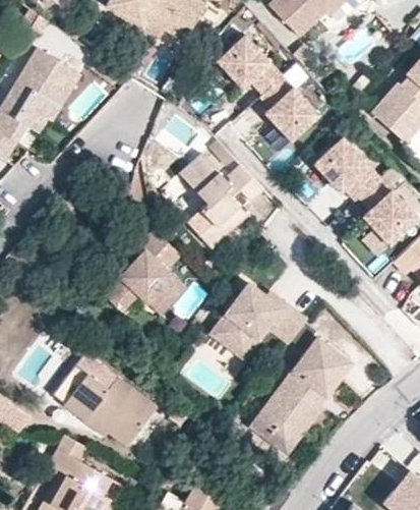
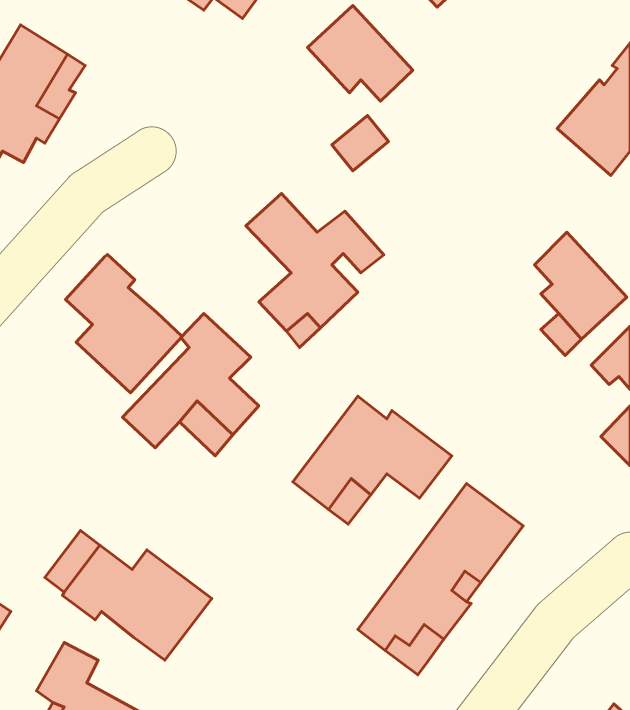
building: [259,74,319,140] -> none
building: [314,136,379,200] -> none
building: none -> [65,254,182,393]

